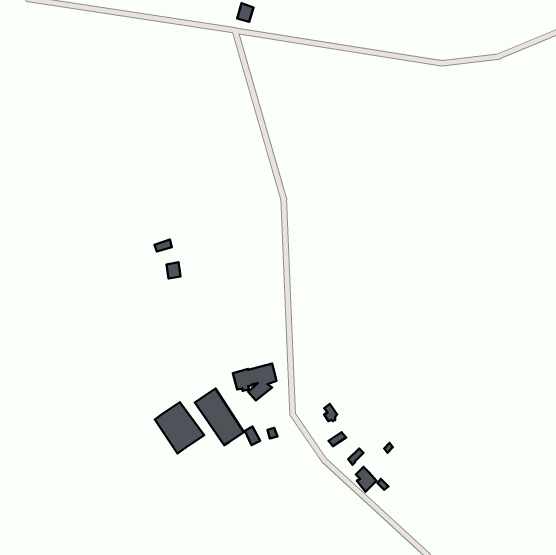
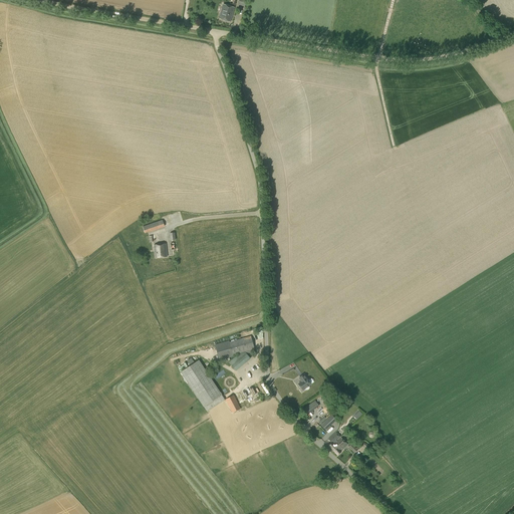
building: [155,402,204,453] -> none

